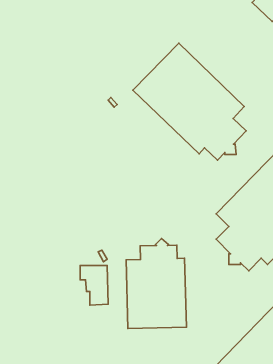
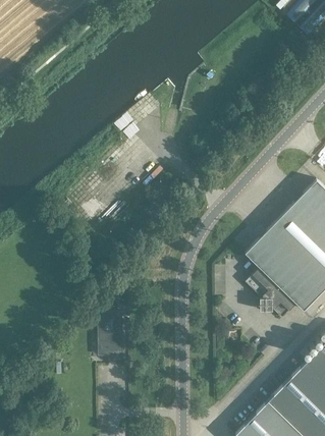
building: [133,43,246,160] -> none
building: [126,238,187,328] -> none

